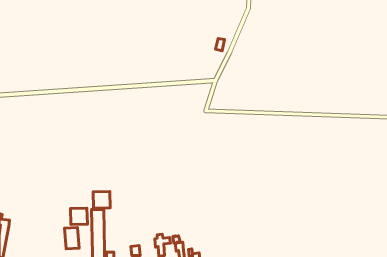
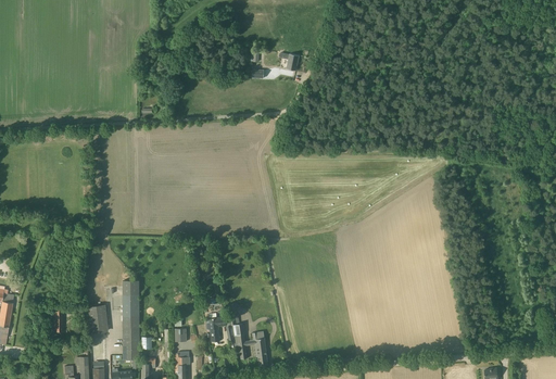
building: [93,192,110,208] -> none
building: [70,208,87,224] -> none

